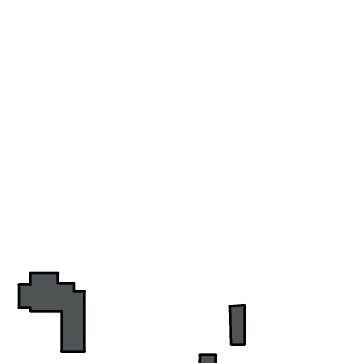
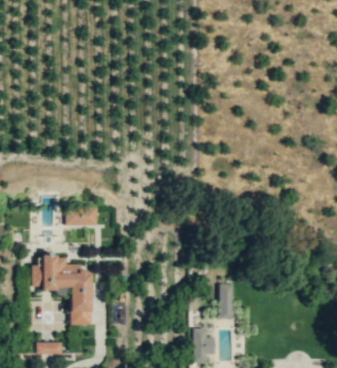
building: none -> [65,207,97,226]

